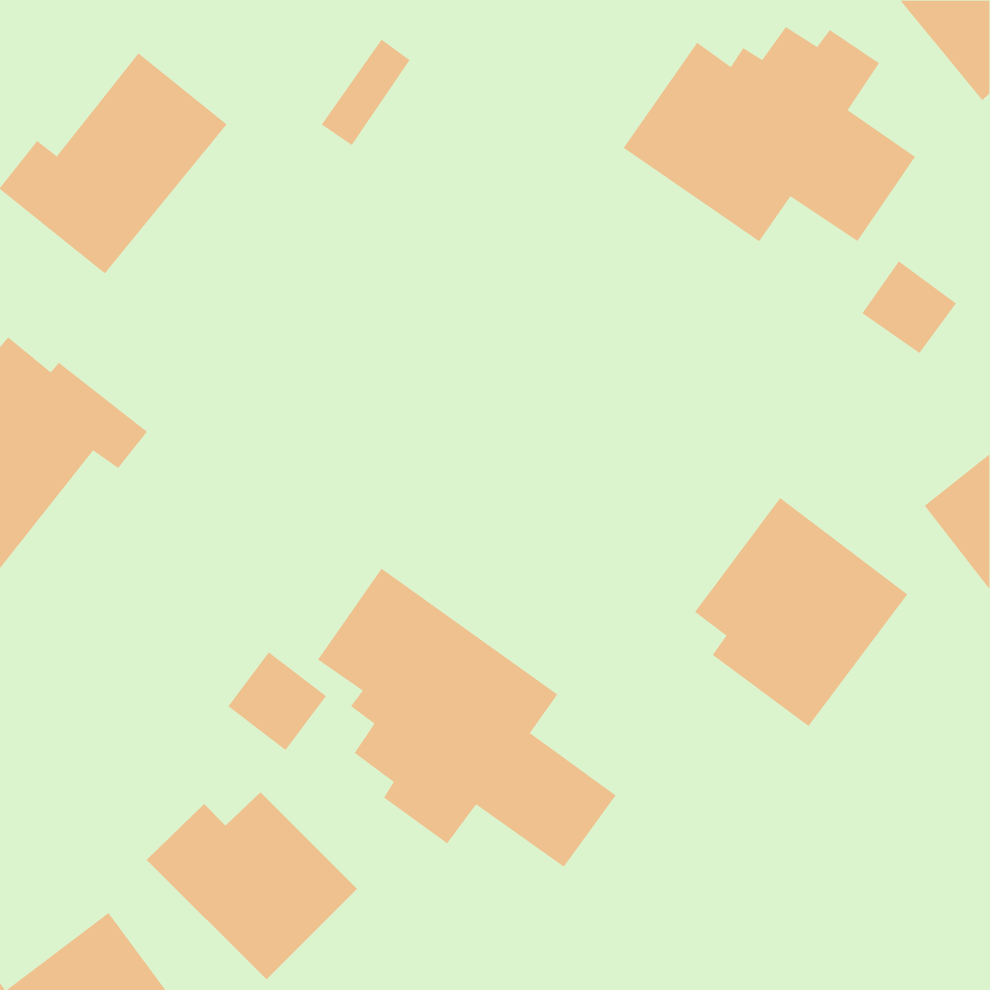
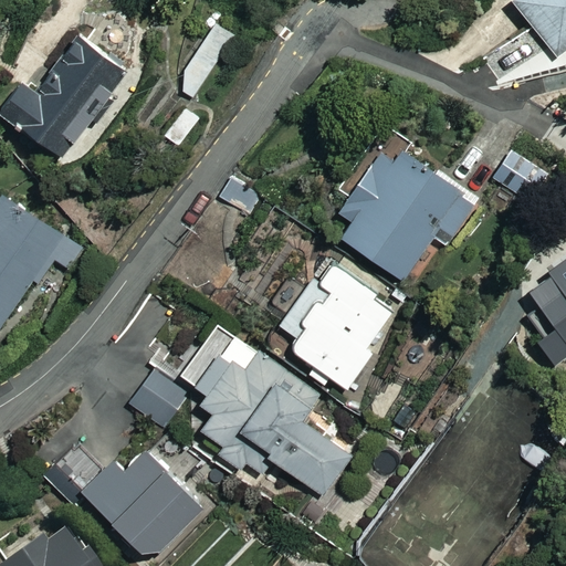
building: [623,26,916,242] -> none
building: none -> [338,129,475,280]
building: [694,497,908,727] -> [280,260,401,390]

